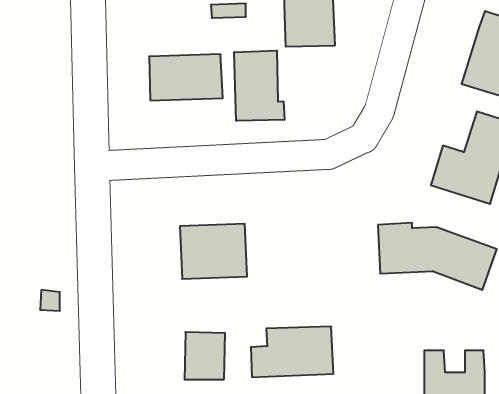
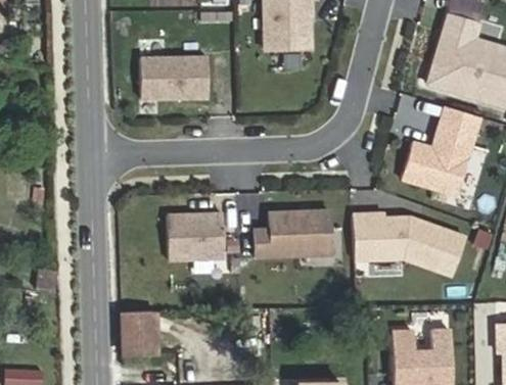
building: [234,50,284,121] -> none
building: [251,326,333,377] -> [255,209,331,256]
building: [184,332,225,379] -> [117,309,154,353]

